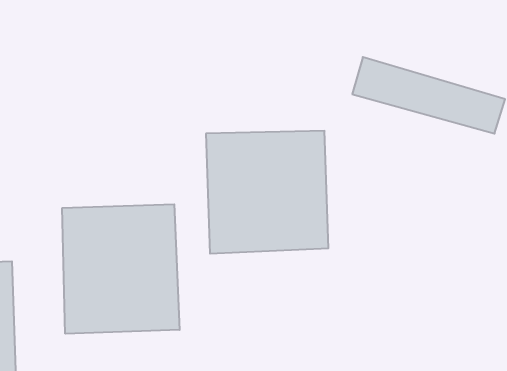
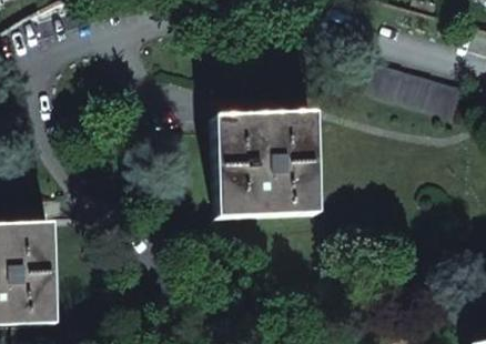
building: [62,204,180,334] -> none

